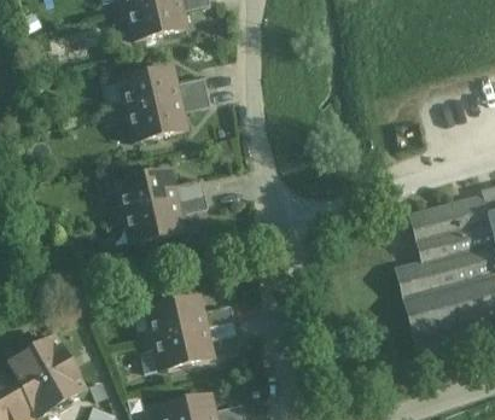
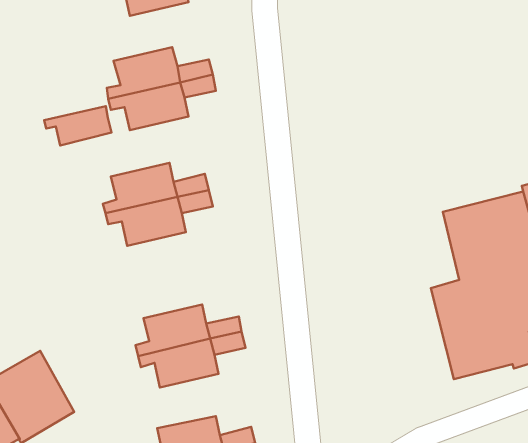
building: none -> [44,106,112,145]

